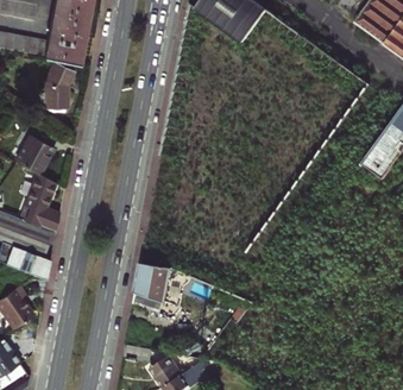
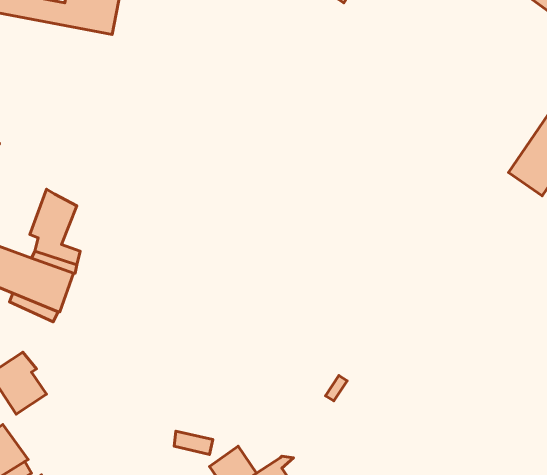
building: [45,64,73,113] -> none
building: [15,138,52,176] -> none
building: [133,262,180,307] -> none

